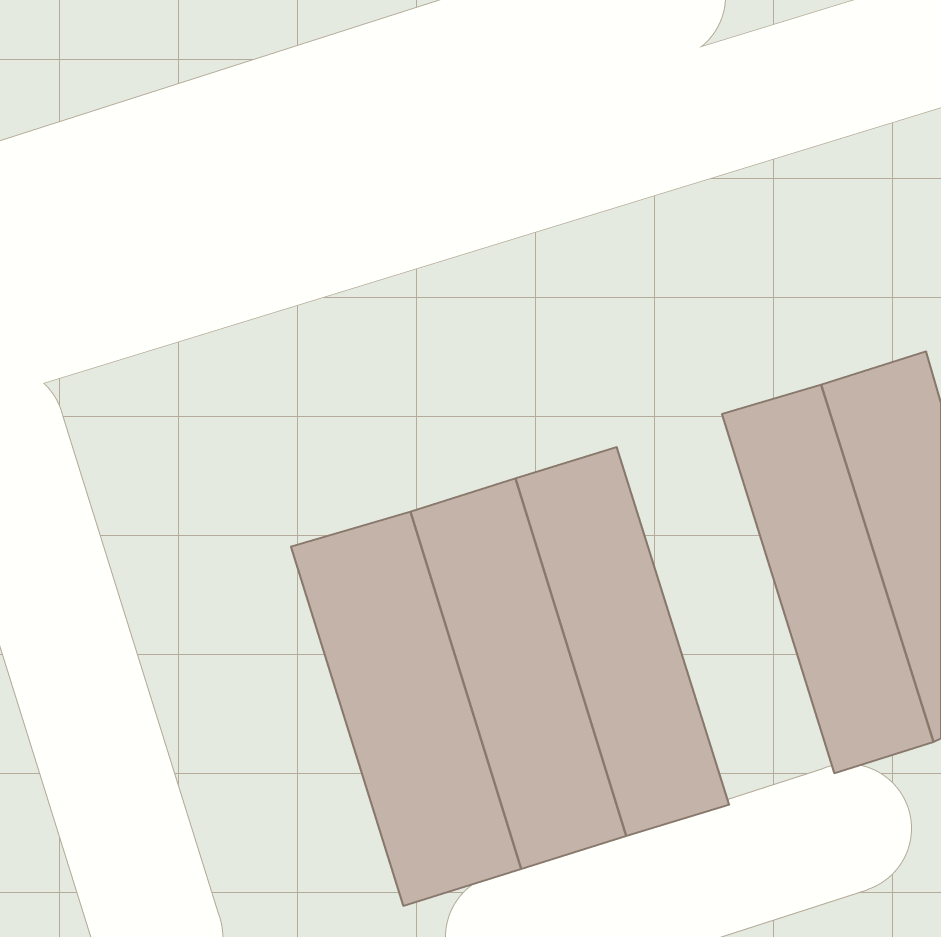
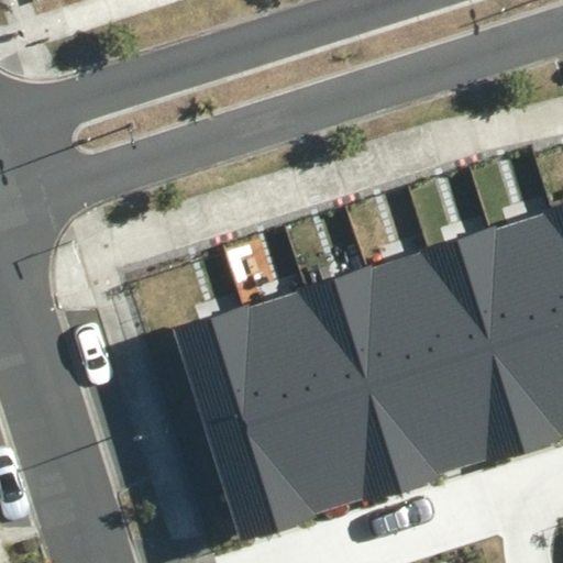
building: none -> [368,247,498,481]

